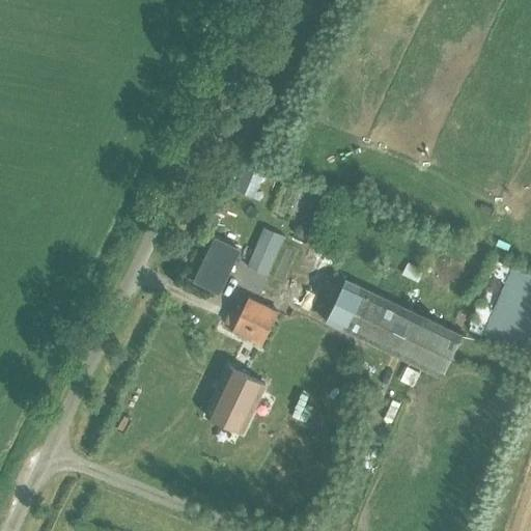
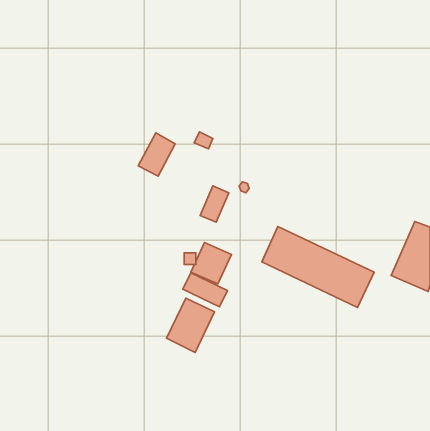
building: [197,237,243,290] -> [138,133,175,176]
building: none -> [183,273,228,307]

